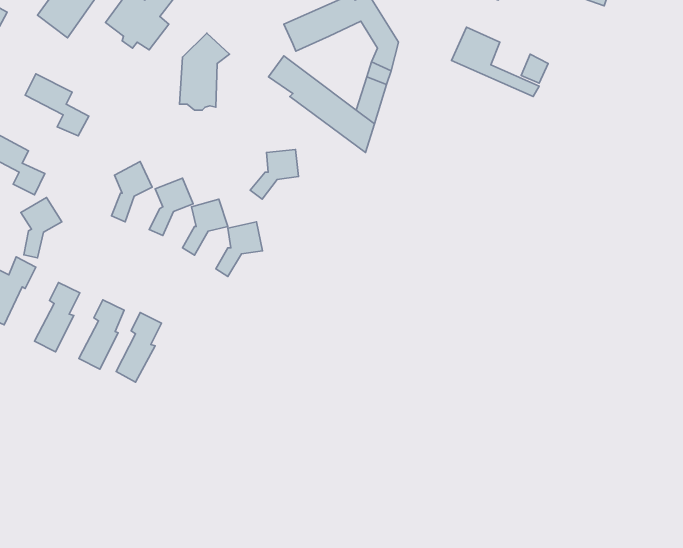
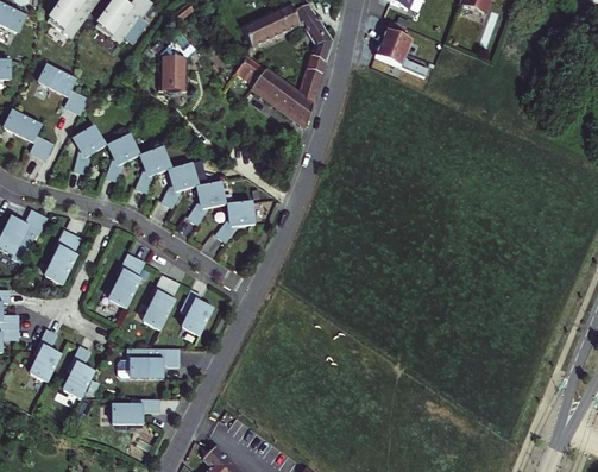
building: [250,149,298,199] -> [215,202,253,241]
building: [21,198,62,258] -> [73,126,105,174]
building: [79,300,124,369] -> [143,275,178,329]
building: none -> [176,289,208,333]
building: none -> [30,331,59,382]
building: none -> [63,347,93,398]
building: none -> [126,348,178,378]
building: none -> [114,399,158,424]

